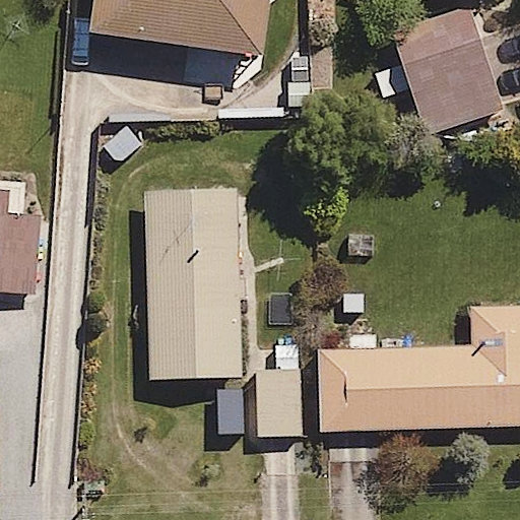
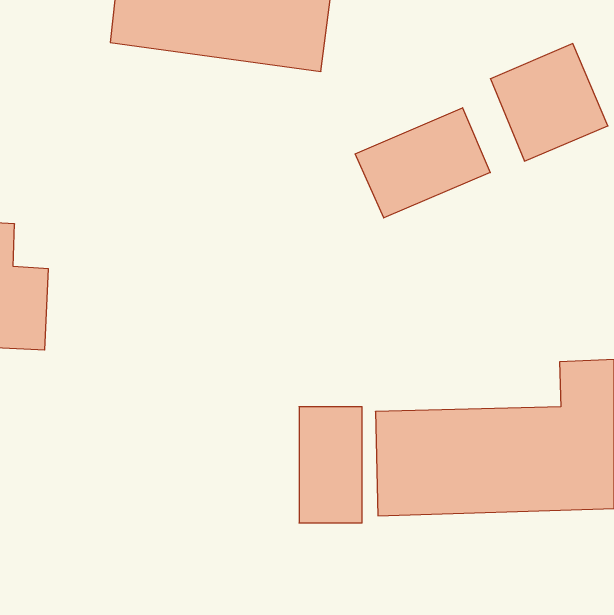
building: none -> [355,108,490,218]
building: [144,187,240,376] -> none

